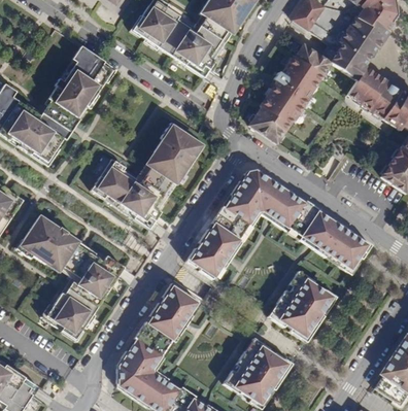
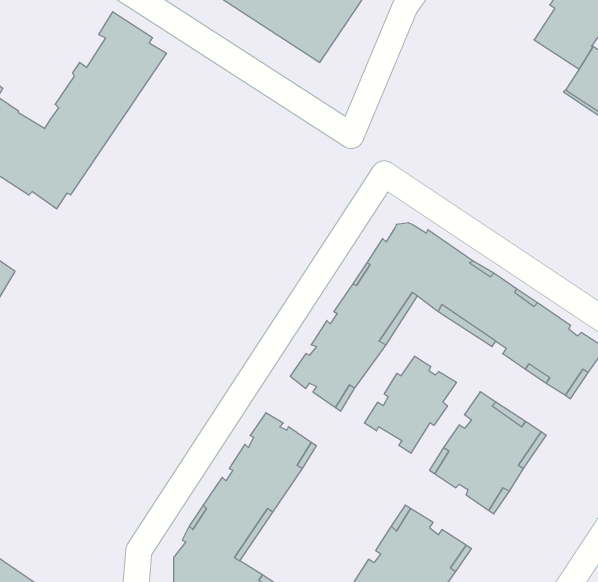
building: [248,44,330,143] -> none
building: [91,127,203,228] -> none
building: [21,214,124,339] -> none
building: none -> [365,356,456,453]

